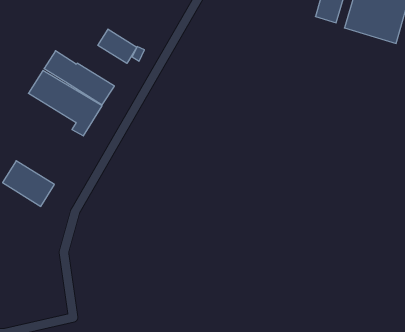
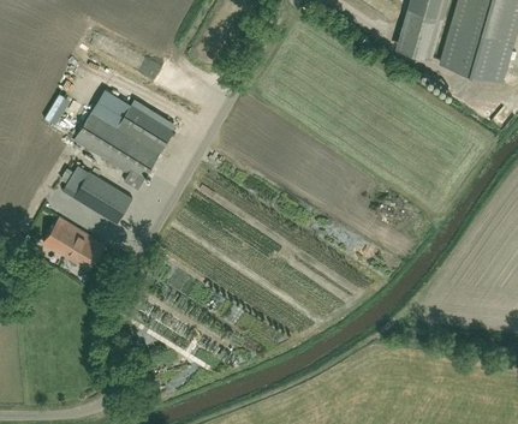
building: [98,29,137,63] -> none
building: none -> [71,171,130,222]

